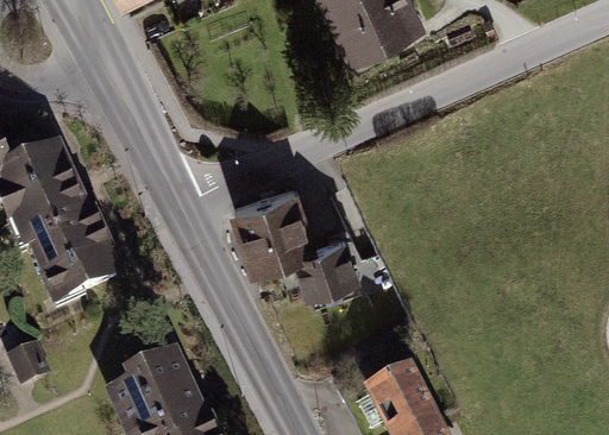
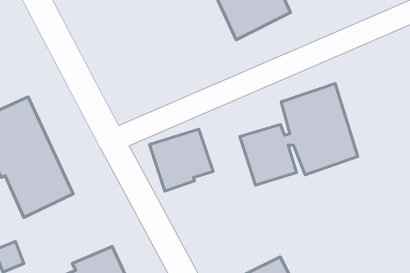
building: none -> [240,84,358,185]
building: [291,241,362,302] -> none

